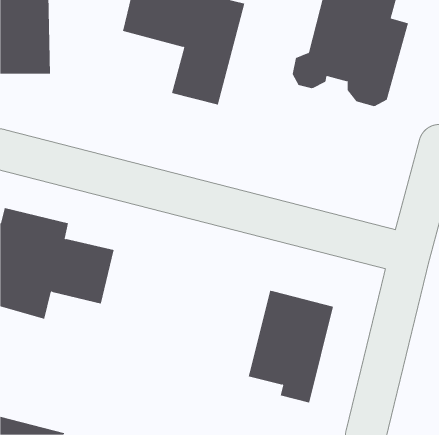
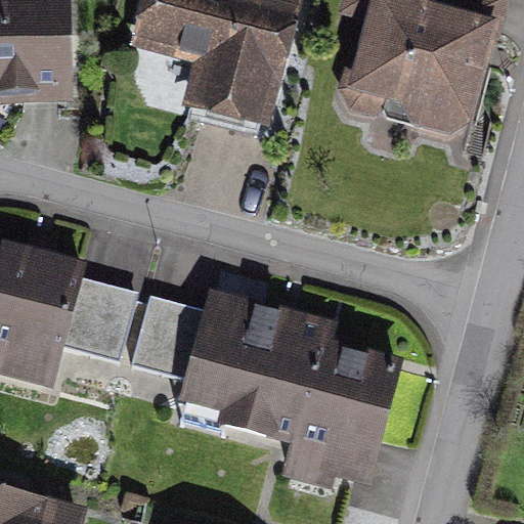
building: none -> [133,296,332,440]

